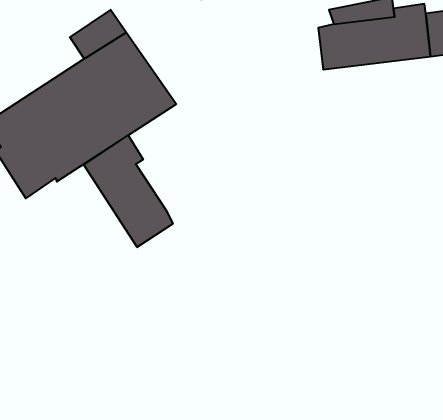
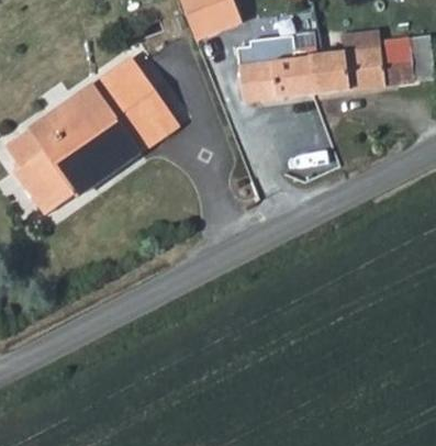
building: none -> [237,34,314,102]
building: [84,135,173,247] -> none

